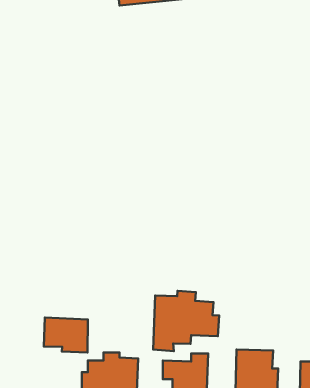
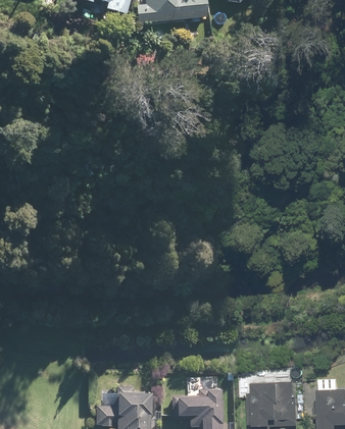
building: [153,291,219,351] -> none
building: [44,318,88,352] -> none

